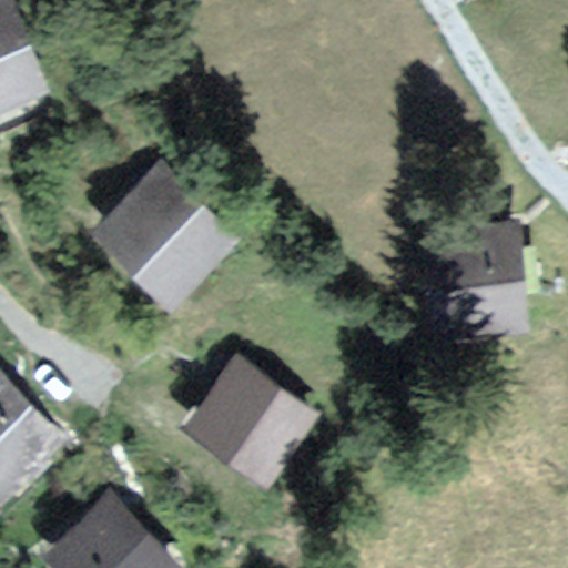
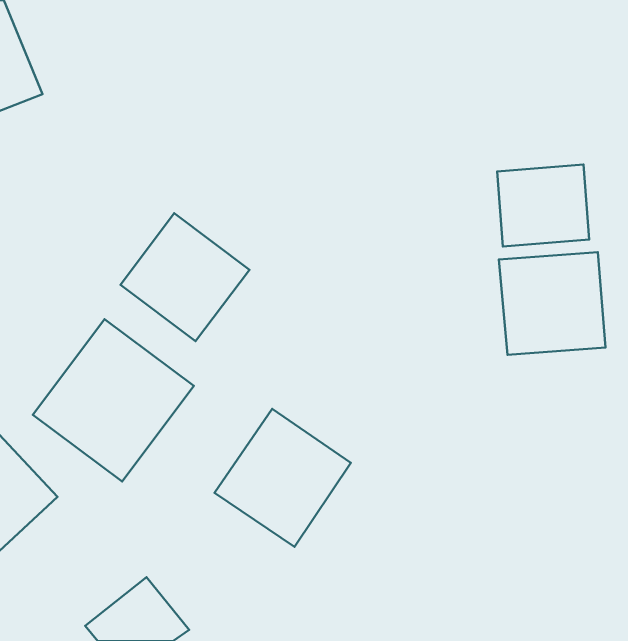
building: none -> [497,165,589,246]
building: none -> [33,319,194,481]

